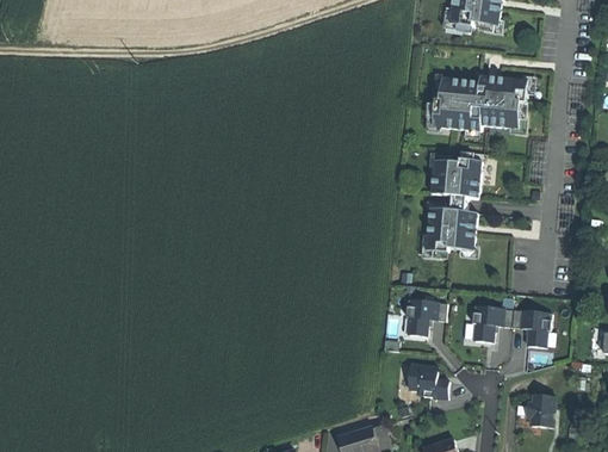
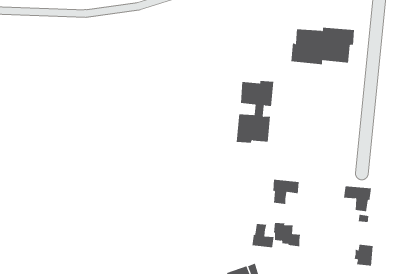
building: [424,160,480,252] -> [236,81,274,143]
building: [472,307,513,342] -> none
building: none -> [252,223,274,248]

